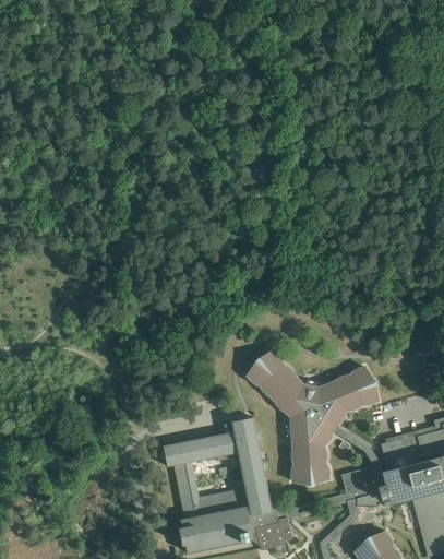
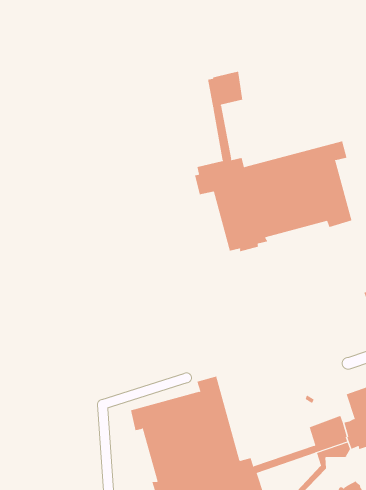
building: none -> [195,71,352,252]
building: [247,349,382,485] -> none

